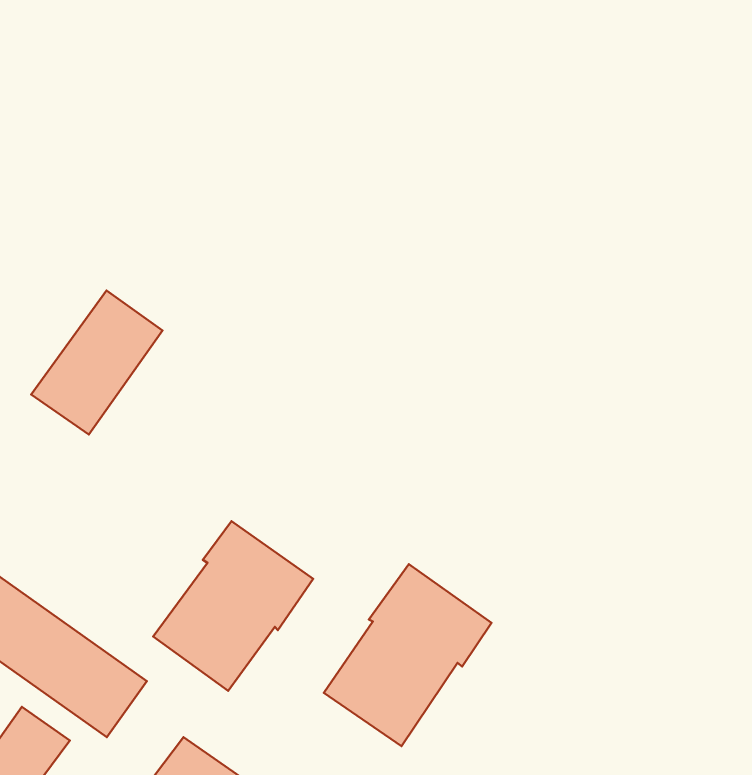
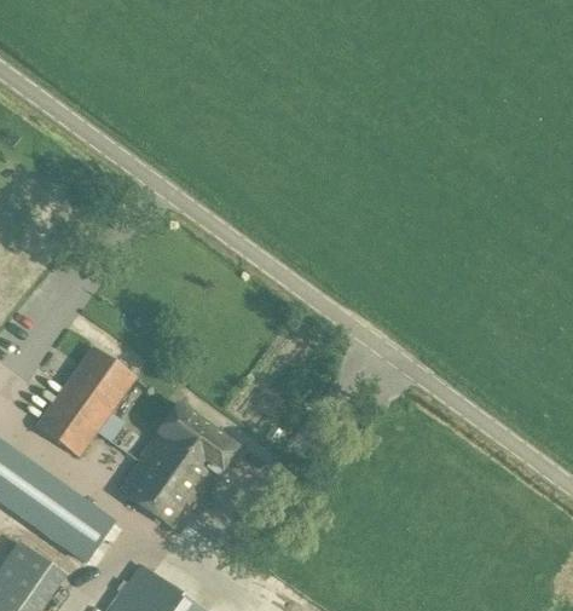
building: [31,290,162,434] -> [36,347,135,456]
building: [324,564,491,746] -> none

